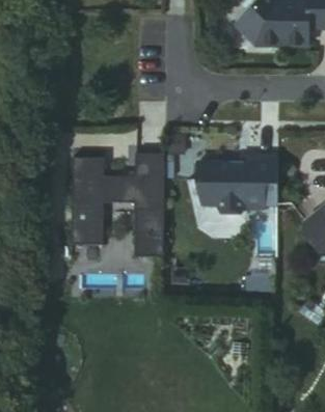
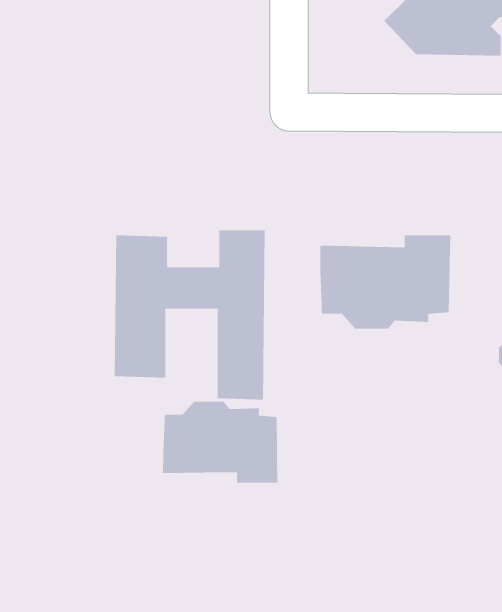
building: none -> [162,401,278,484]

